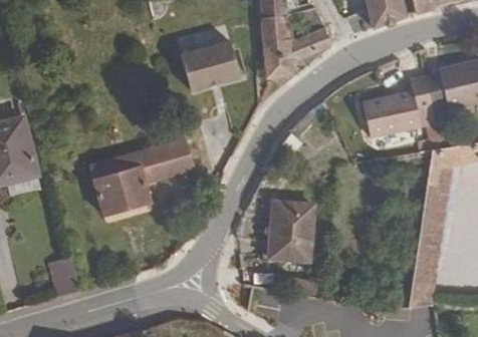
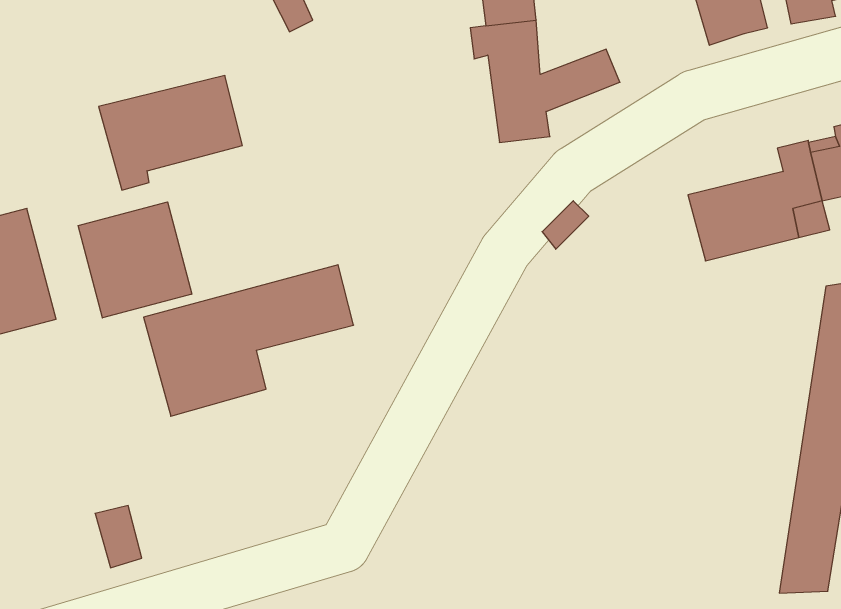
building: [165,44,239,103] -> [99,76,242,190]
building: none -> [78,202,192,318]
building: [264,201,311,261] -> none

